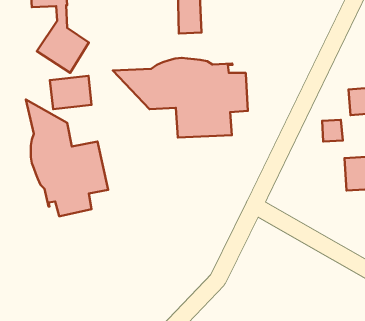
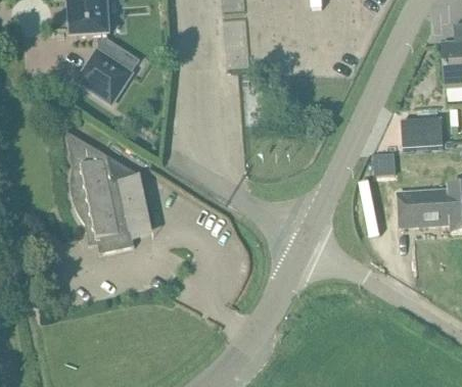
building: [113,58,248,138] -> none
building: [50,76,92,109] -> none

